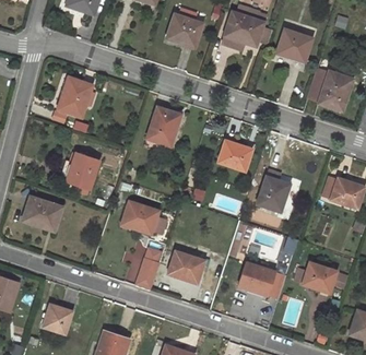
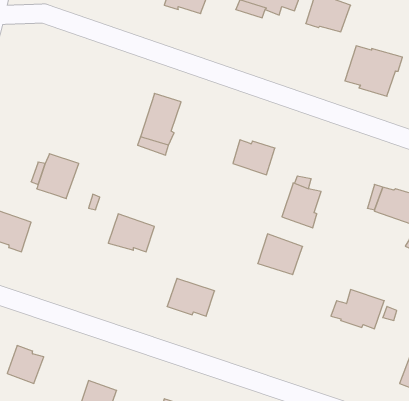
building: [58,79,93,117] -> none
building: [133,246,162,289] -> none
building: [239,262,274,294] -> [258,234,303,275]

